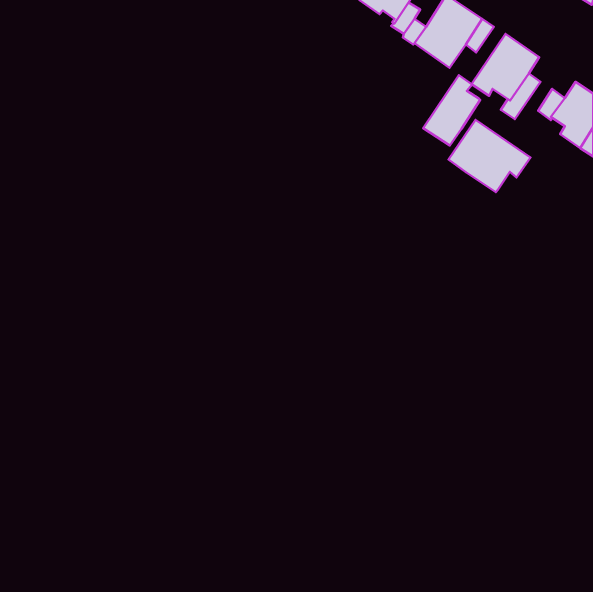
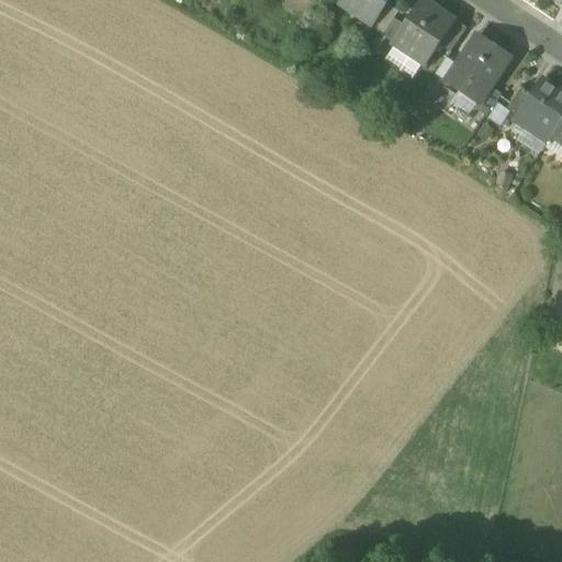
building: [423,75,480,145] -> none
building: [449,120,530,192] -> none

